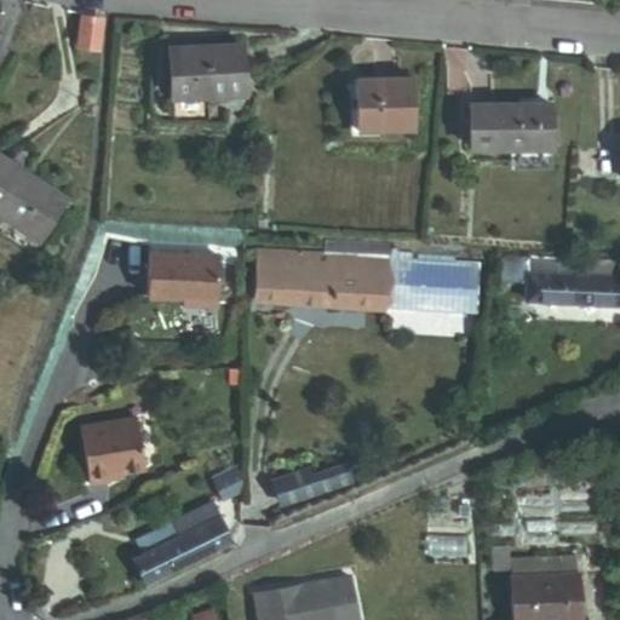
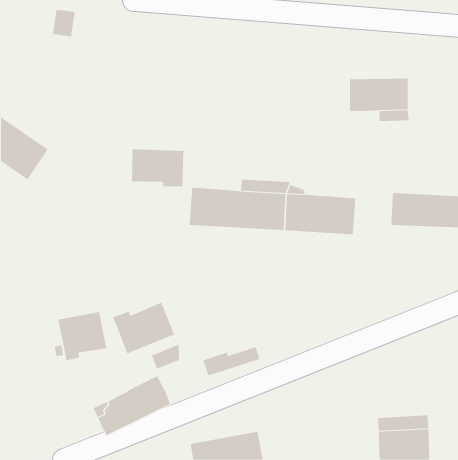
building: [173,45,247,97] -> none
building: [357,81,417,130] -> none
building: [148,258,219,309] -> [131,149,184,187]
building: none -> [112,302,175,354]

